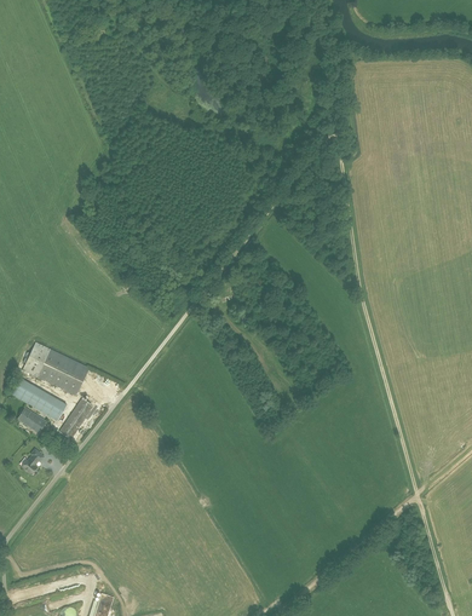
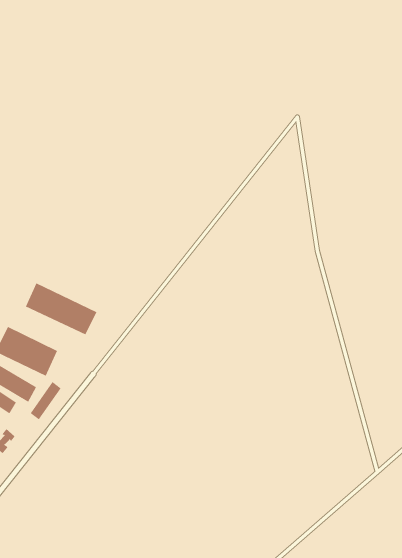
building: none -> [25,282,97,335]

